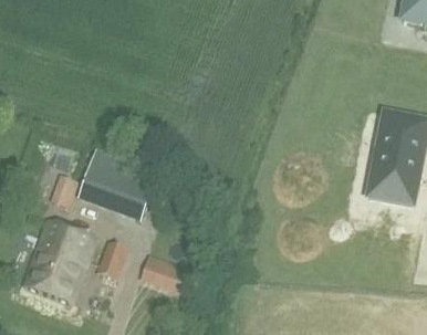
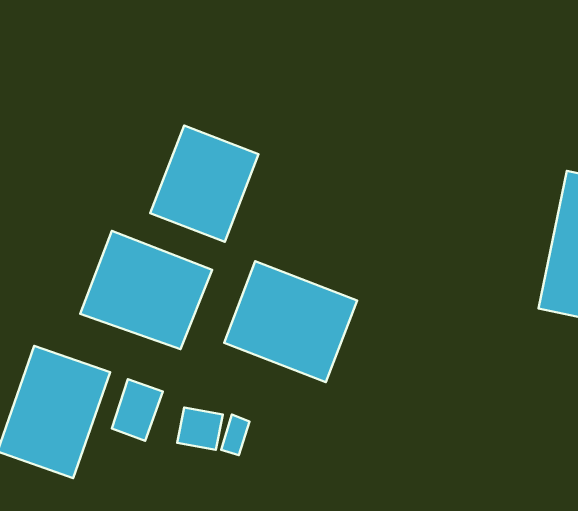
building: none -> [150,125,259,242]
building: none -> [224,261,357,382]

